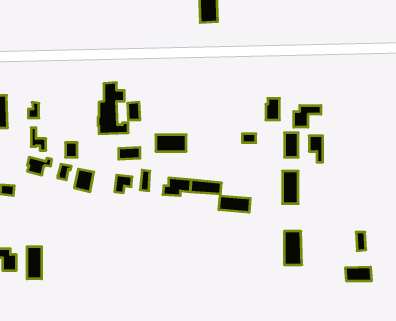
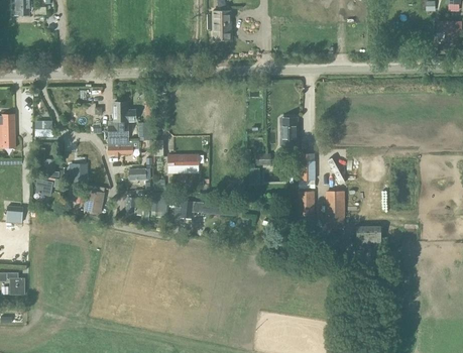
building: [294,105,321,127] -> none
building: [219,196,250,212] -> none
building: [284,231,302,265] -> [326,191,344,225]
building: [27,247,42,279] -> none
building: [345,267,372,281] -> [351,232,378,246]

